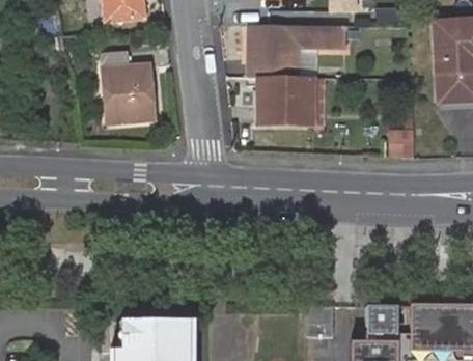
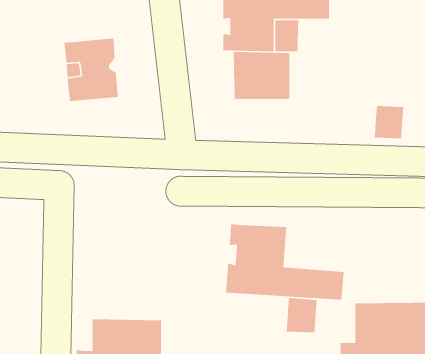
building: none -> [225,224,344,301]

